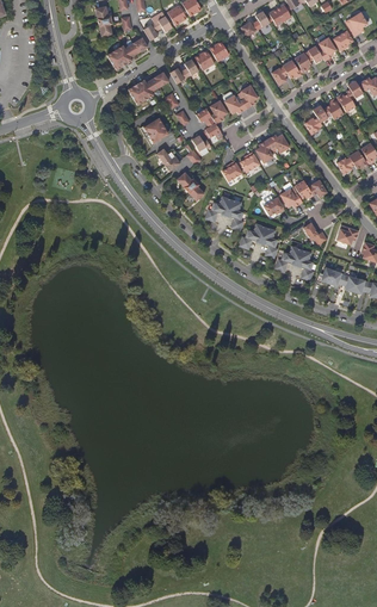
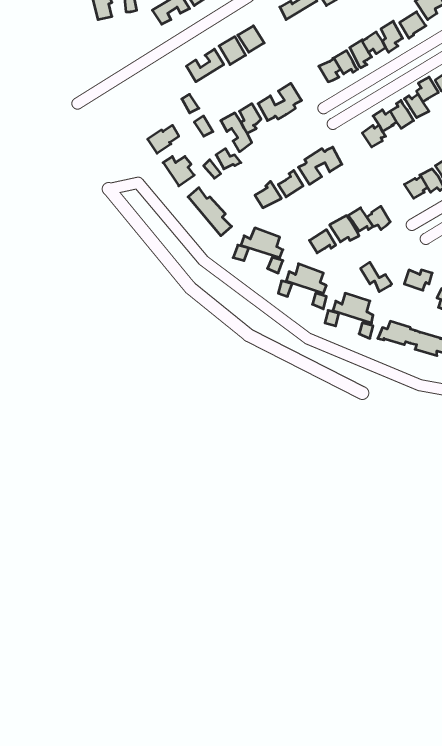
building: [107,37,147,69] -> none
building: [129,72,168,104] -> none

